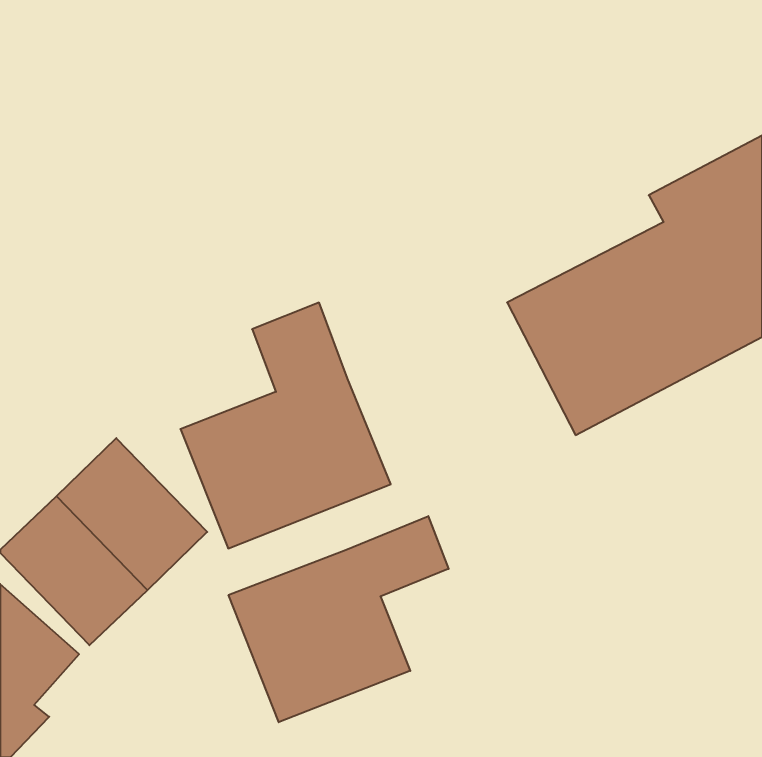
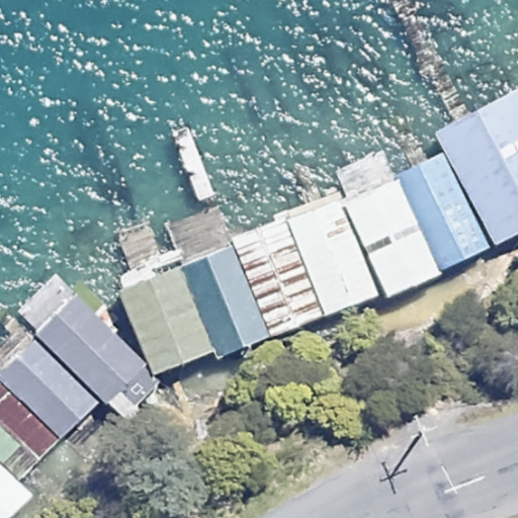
building: none -> [238,198,376,333]
building: [229,516,449,722] -> none

